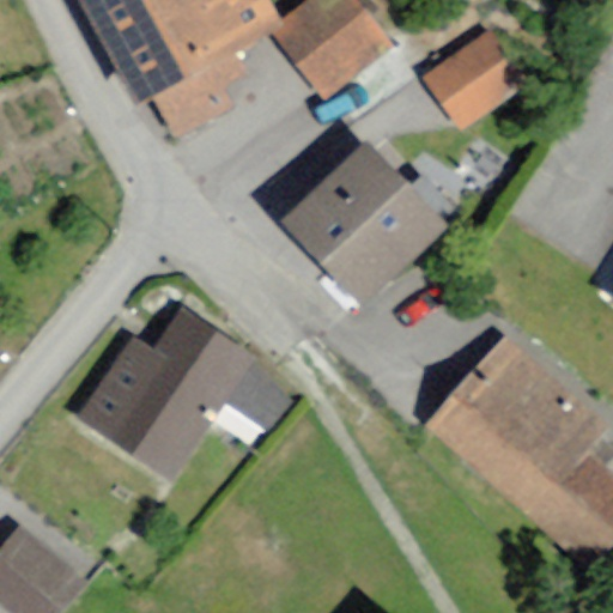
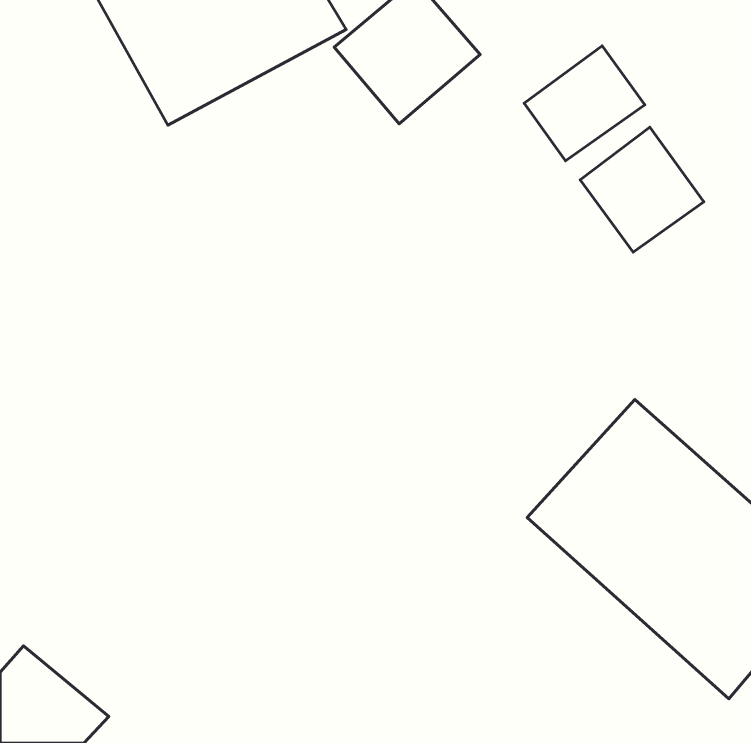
building: none -> [580,127,704,252]
building: [285,142,447,303] -> none
building: [69,310,251,480] -> none

